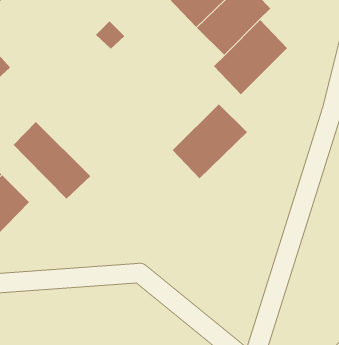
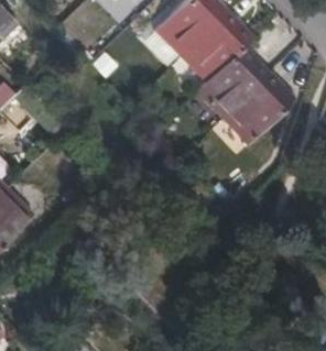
building: [172,103,248,179] -> [226,76,295,145]
building: [13,121,91,200] -> none

